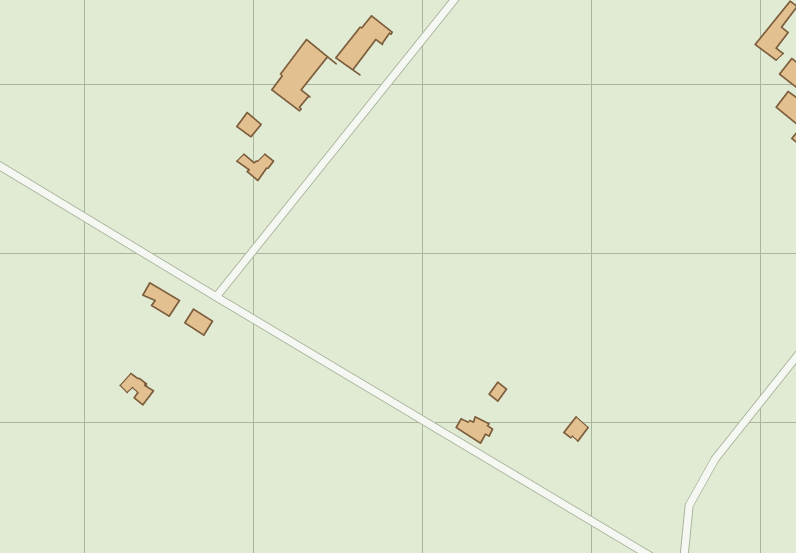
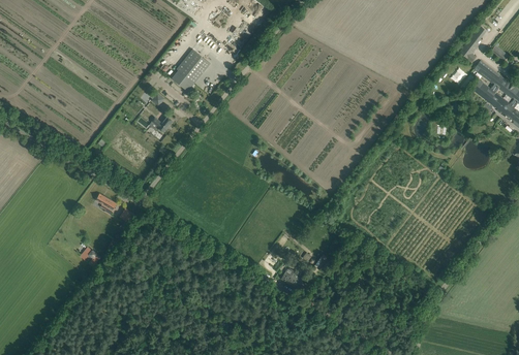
building: [336,16,392,75] -> none

